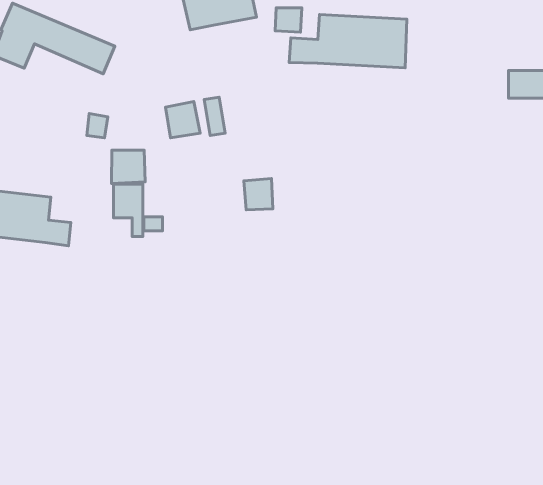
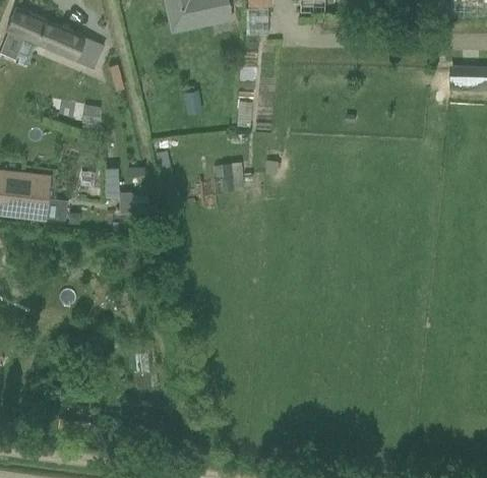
building: [289,14,407,68] -> none
building: [166,102,200,138] -> none
building: [112,150,145,183] -> none

